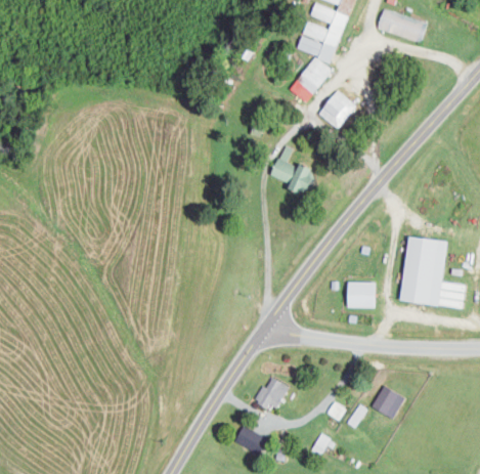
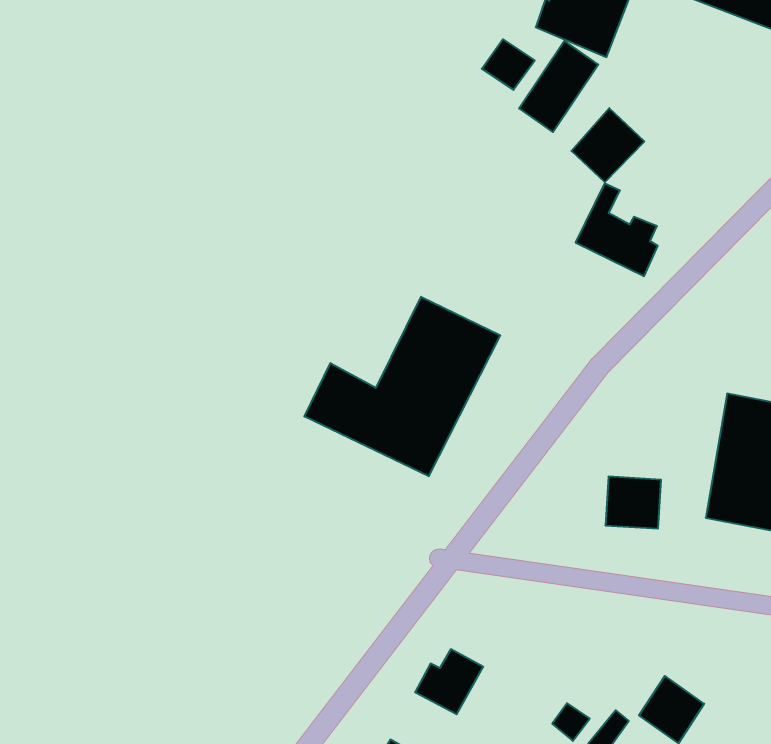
building: none -> [482,39,535,90]
building: [270,145,313,192] -> [576,184,658,276]
building: none -> [304,297,500,476]

